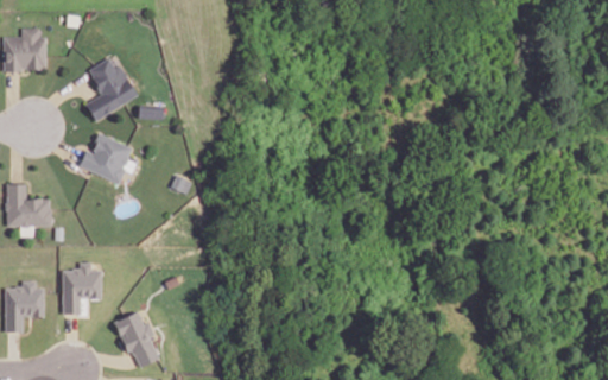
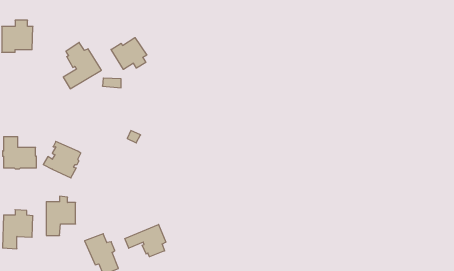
building: none -> [111,38,147,69]
building: [81,133,131,182] -> [43,141,81,178]
building: none -> [125,224,166,257]

